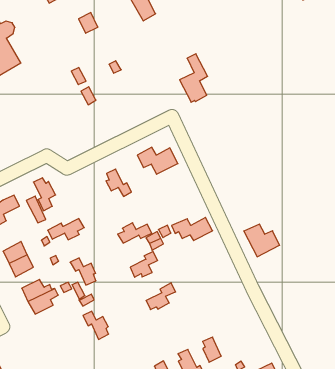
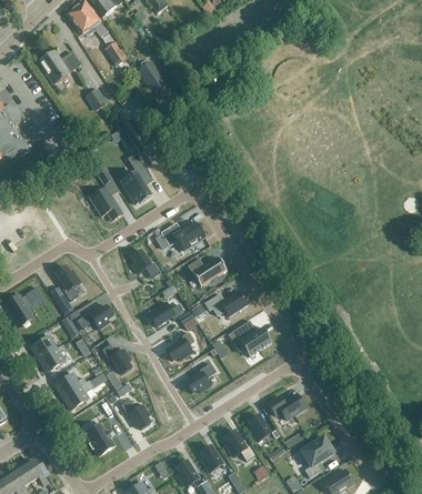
building: [180,54,208,102] -> [121,152,151,203]
building: none -> [90,186,123,220]
building: none -> [187,256,225,286]
building: [244,224,280,257] -> [232,321,271,355]
building: none -> [268,393,305,419]
building: none -> [84,422,114,455]

